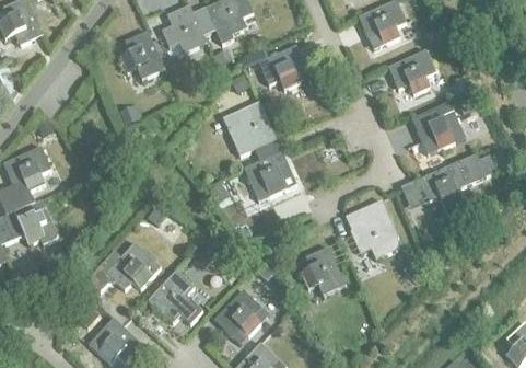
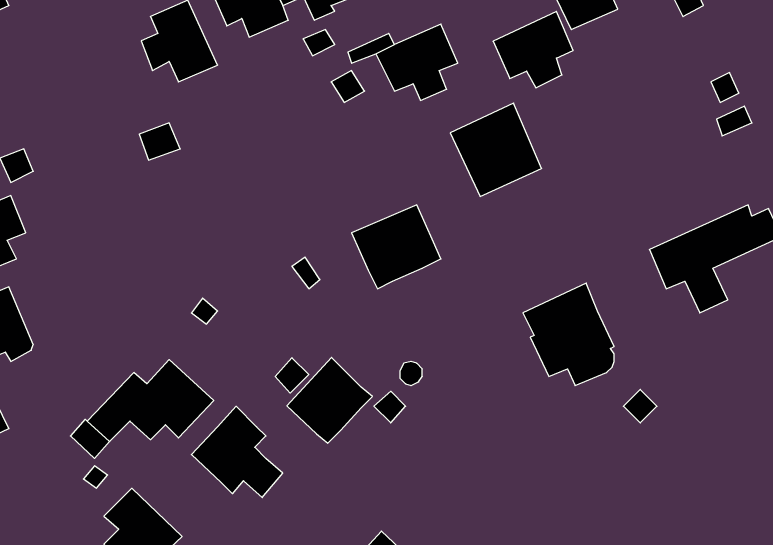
building: [388,49,435,94] -> [493,11,573,88]
building: [222,102,276,157] -> [450,103,542,196]
building: [411,103,463,151] -> none
building: [300,246,344,294] -> none
building: [215,291,266,342] -> [287,357,372,443]

